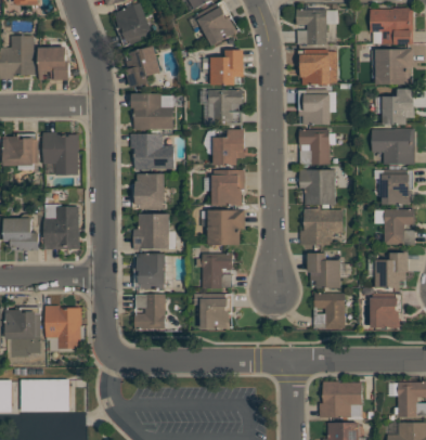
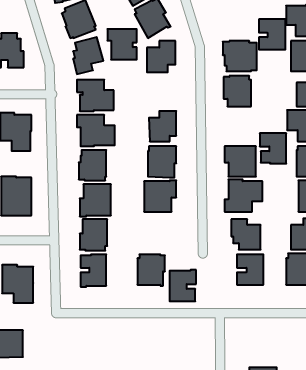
building: [296,10,326,44] -> [259,19,285,50]
building: [208,90,242,125] -> [107,29,137,60]
building: [298,130,328,165] -> [260,133,286,164]
building: [202,253,232,288] -> [170,270,196,301]
building: [319,381,361,418] -> none

